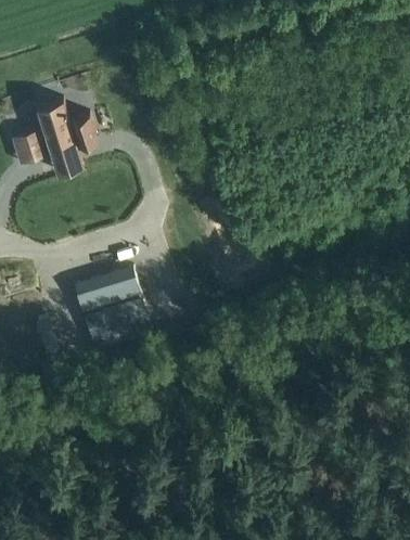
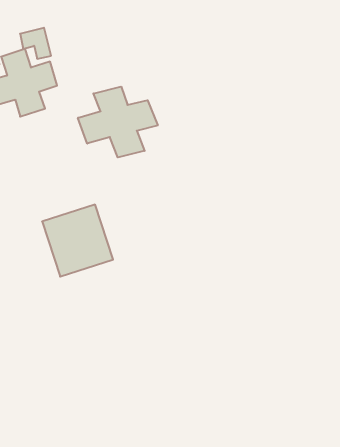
building: none -> [78,87,158,157]

